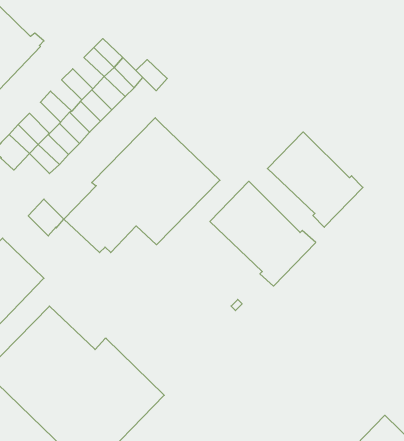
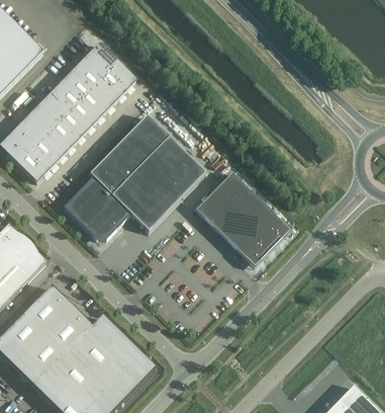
building: [136,60,167,91] -> [72,60,100,88]
building: none -> [52,80,80,108]
building: none -> [32,100,61,129]
building: [267,132,363,227] -> none
building: [28,199,64,236] -> [18,147,51,180]

